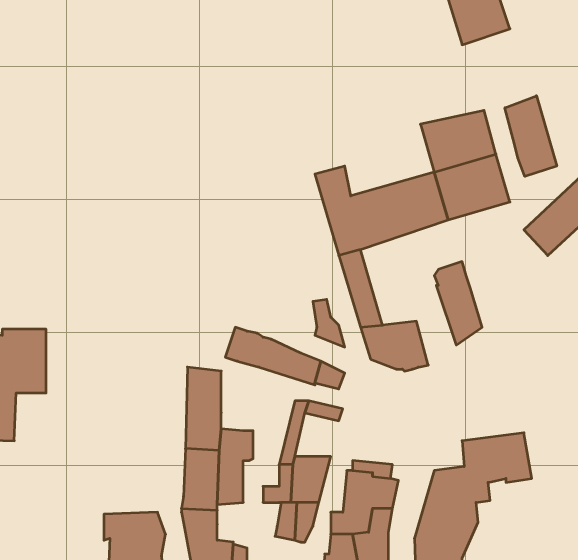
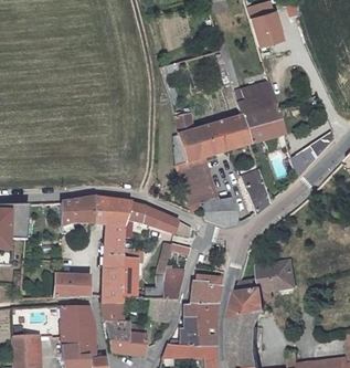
building: [505,96,557,176] -> none
building: none -> [61,196,131,225]
building: none -> [54,274,88,296]

